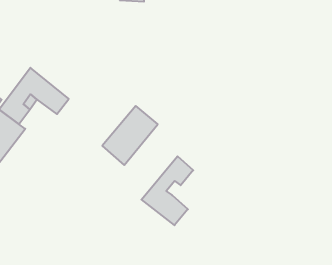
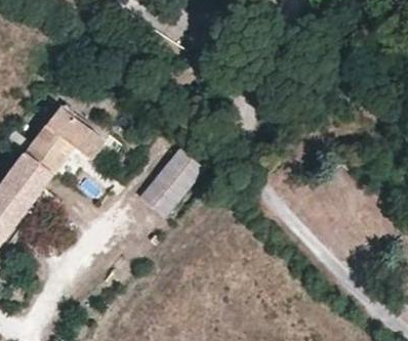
building: [141,156,193,225] -> none

